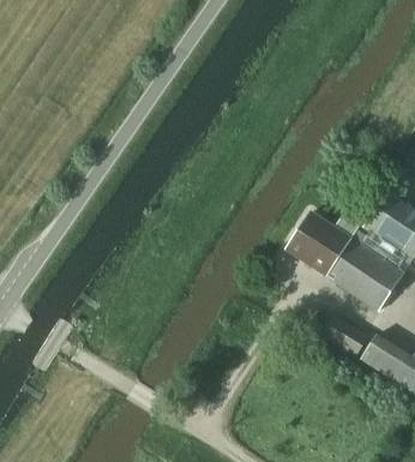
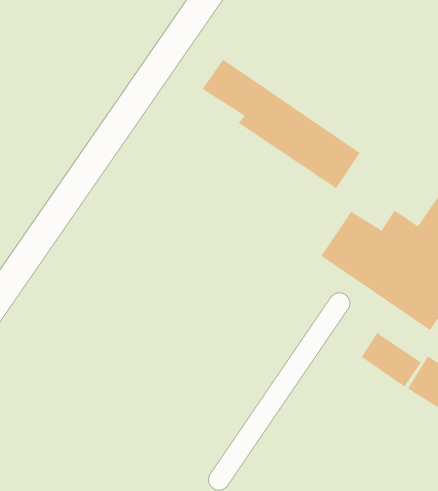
building: none -> [202,59,361,189]

